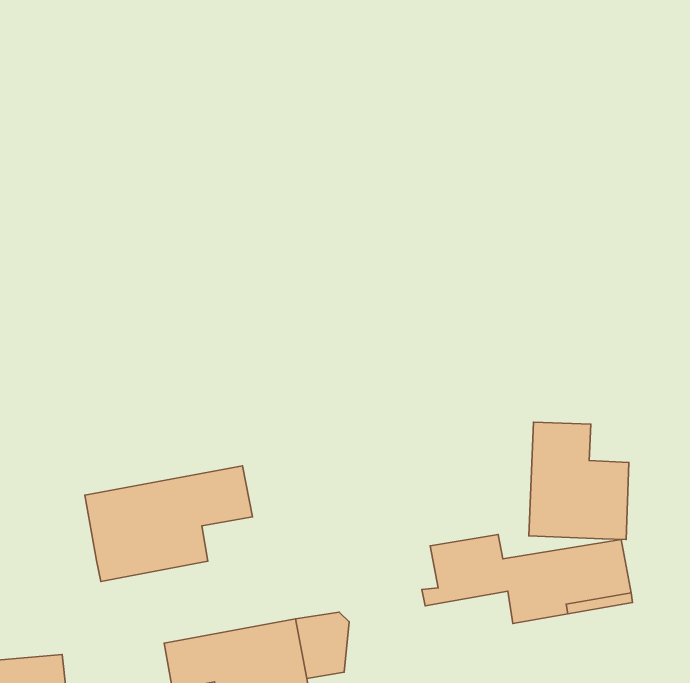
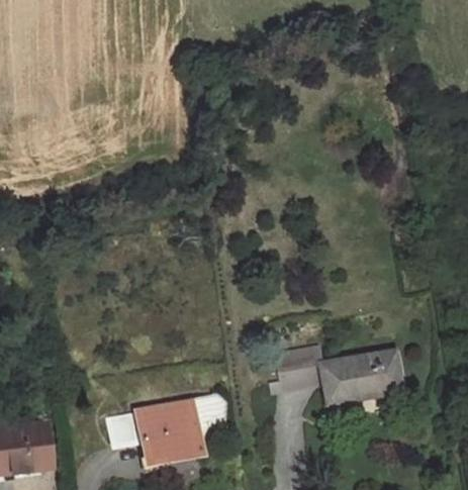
building: [529,422,629,539] -> none
building: [85,466,253,581] -> none

